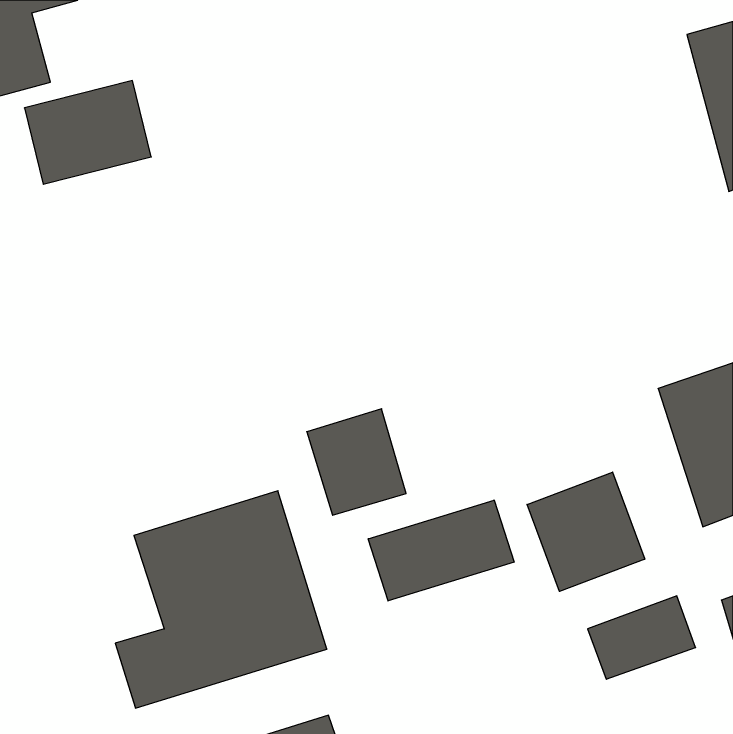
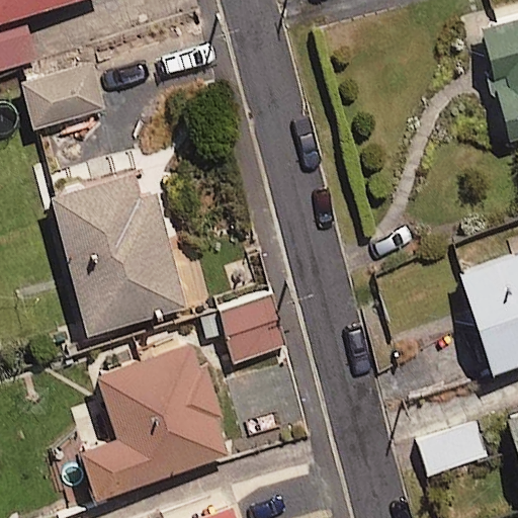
building: none -> [54,173,185,331]
building: [527,472,645,591] -> none
building: [368,500,514,601] -> none

